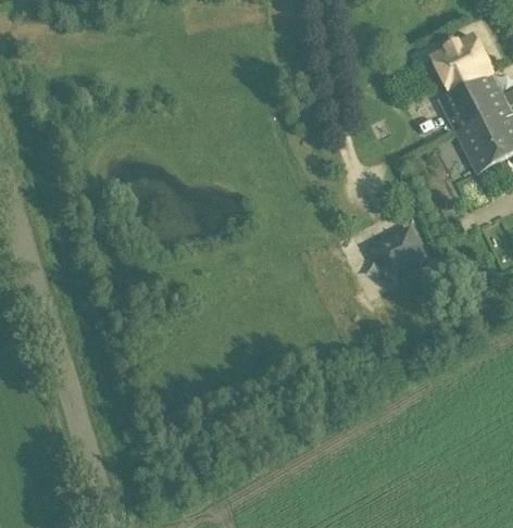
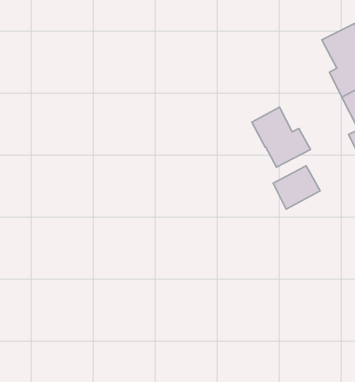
building: none -> [252,107,311,167]

